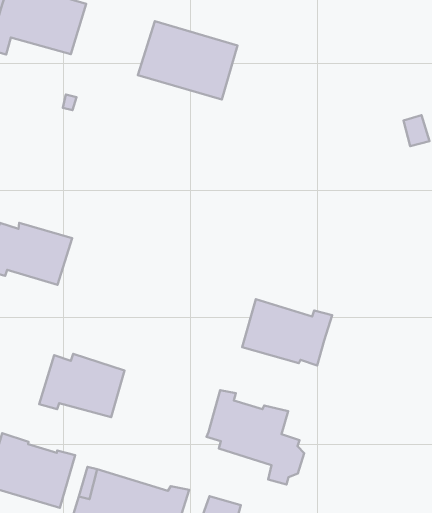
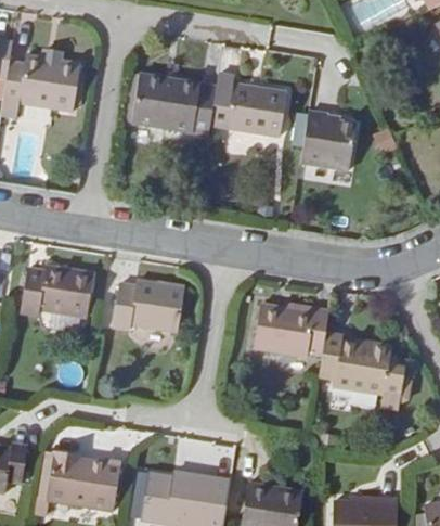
building: none -> [227,85,287,141]
building: none -> [299,112,354,170]
building: [39,354,124,417] -> [115,279,185,330]
building: [207,390,304,484] -> [319,333,405,408]

